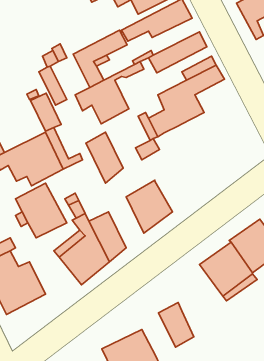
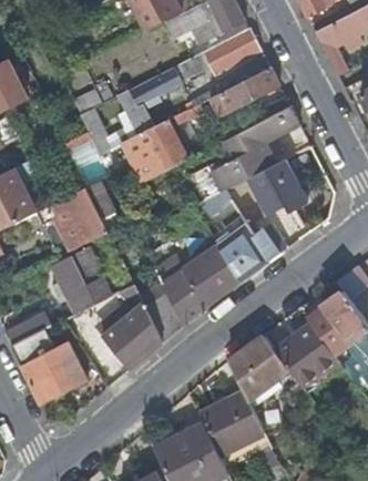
building: none -> [246,160,307,214]
building: [86,132,123,183] -> [160,265,204,326]
building: none -> [217,226,268,283]
building: none -> [228,335,289,401]
building: none -> [198,403,242,456]

